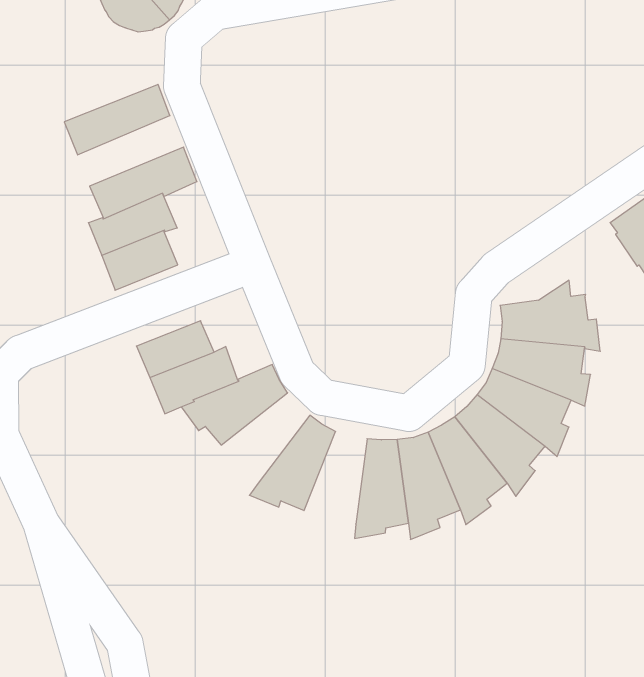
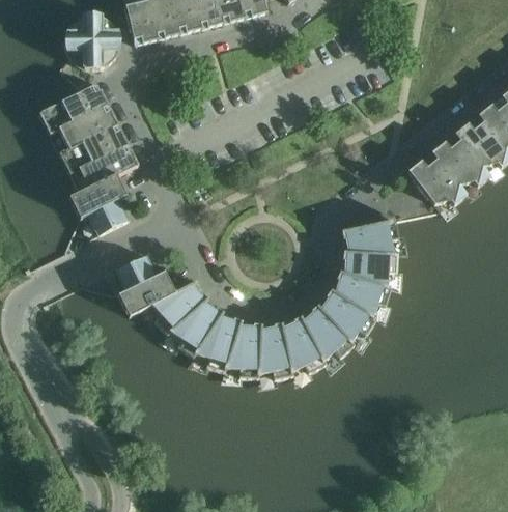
building: none -> [38,80,108,130]
building: none -> [59,120,128,170]
building: none -> [159,294,223,354]
building: none -> [221,317,261,379]

